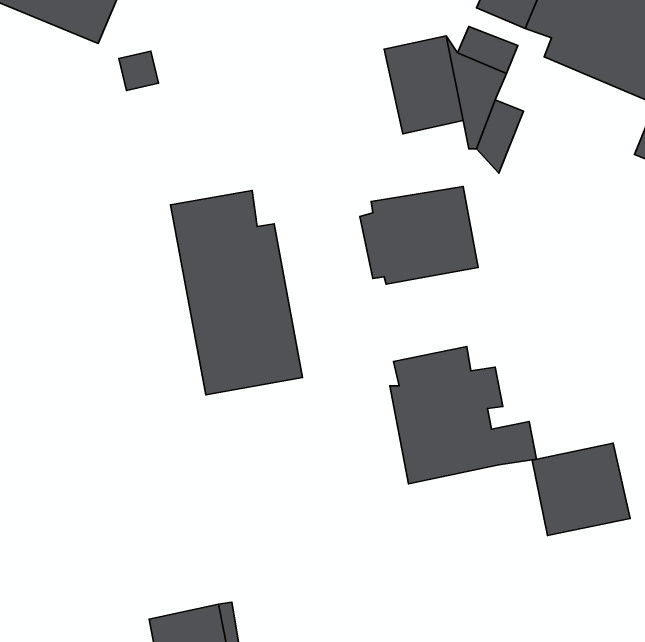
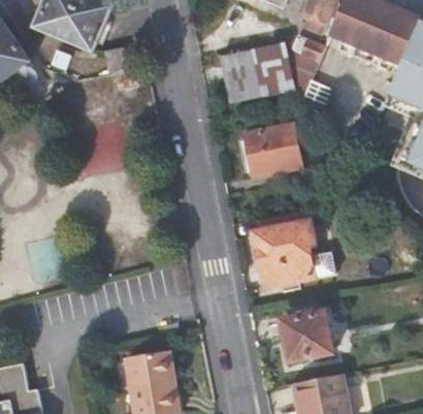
building: none -> [221,47,262,101]
building: [171,191,302,395] -> none
building: [532,443,630,535] -> [282,311,335,361]

